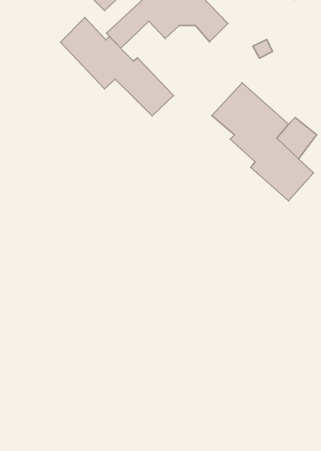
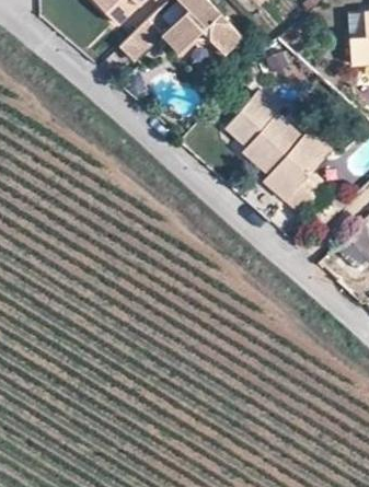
building: [60,17,174,116] -> none

